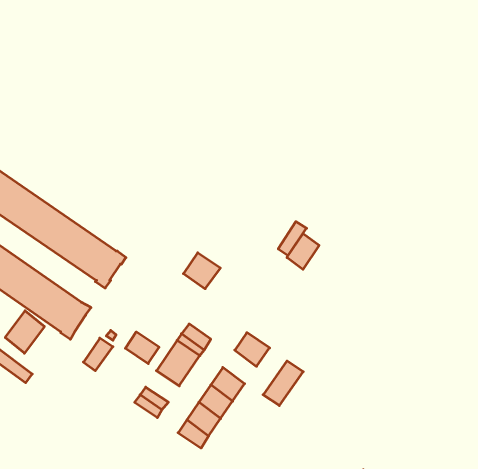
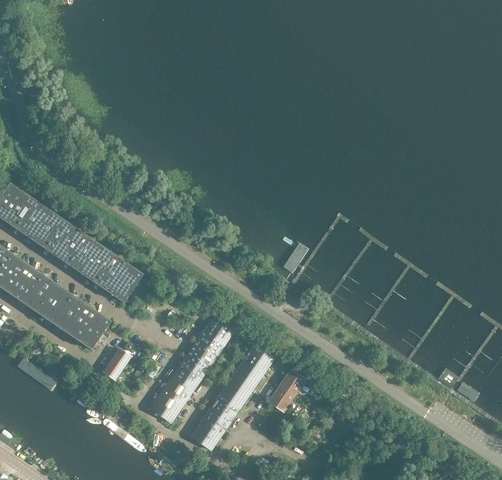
building: [287,233,319,269] -> none
building: [183,253,220,289] -> [200,317,234,350]
building: [5,311,44,353] -> none
building: [125,332,159,364] -> [160,379,191,408]
building: none -> [231,360,262,391]

